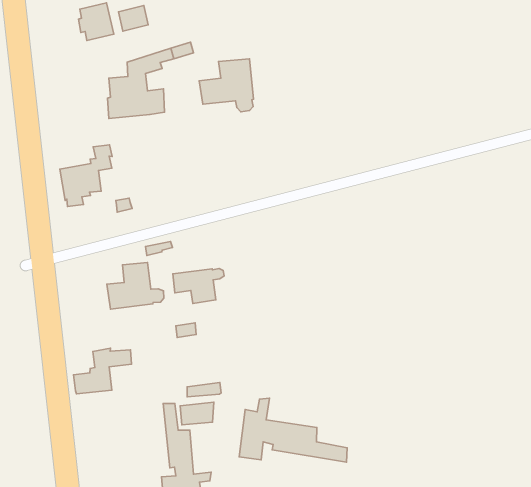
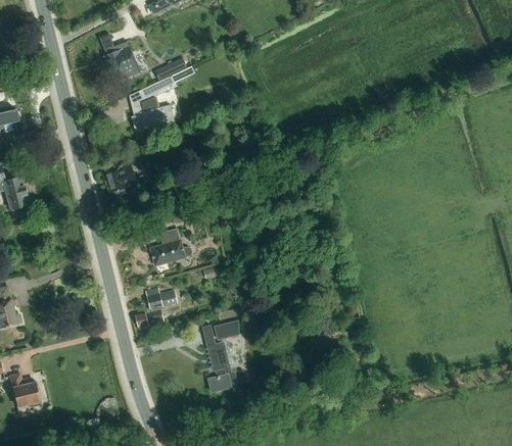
building: [199,59,254,112] -> none
building: [173,268,224,304] -> none
building: [239,398,347,462] -> none

